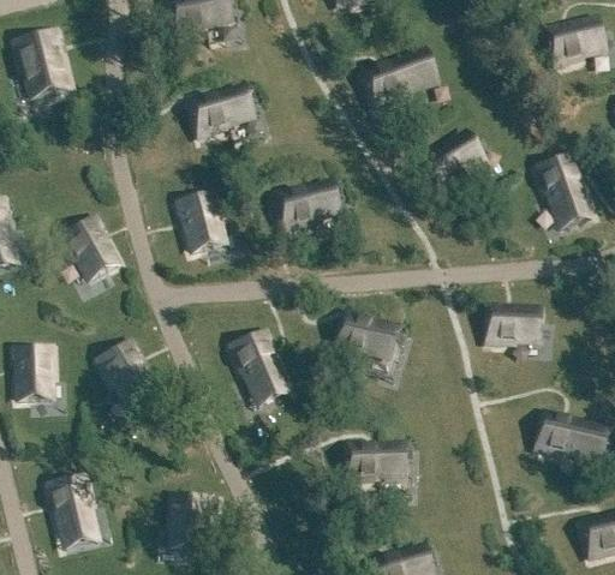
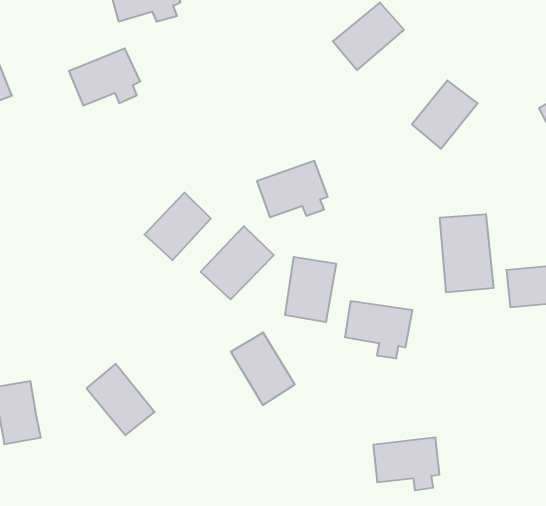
building: [190,92,252,140] -> [69,48,140,105]
building: [62,218,117,280] -> none
building: none -> [201,226,274,299]
building: none -> [440,214,493,292]
building: none -> [285,257,336,322]

